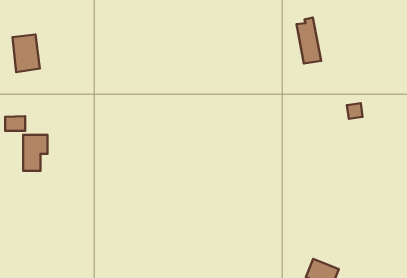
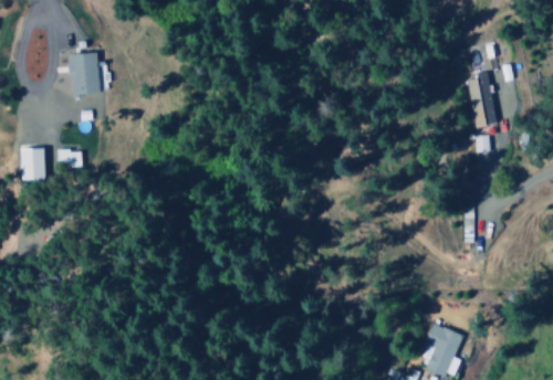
building: [296,18,321,63] -> [466,72,495,127]
building: [23,135,47,171] -> none

